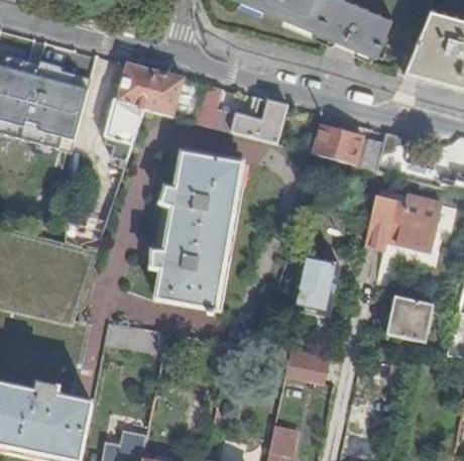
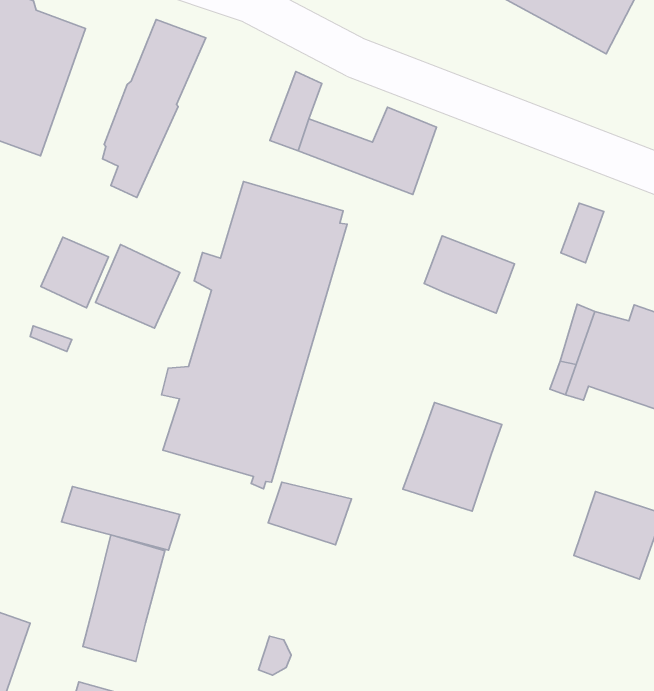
building: [143,72,184,118] -> none
building: [314,127,362,166] -> [424,236,514,313]
building: none -> [95,245,180,328]
building: none -> [83,535,165,662]
building: [285,351,330,382] -> [268,482,352,545]

